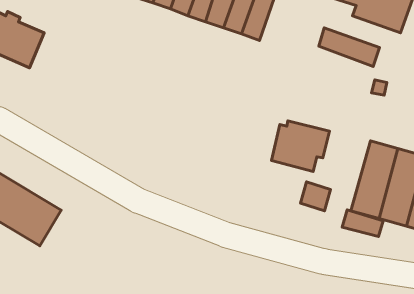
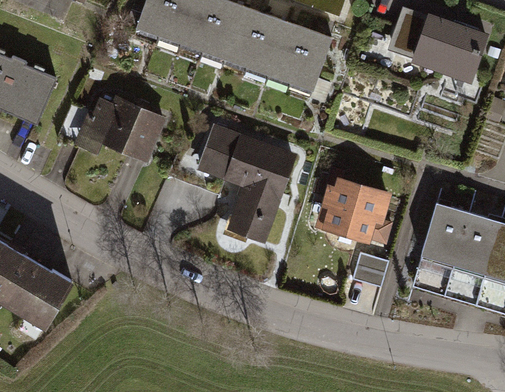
building: [319,28,379,66] -> none
building: none -> [60,97,167,162]
building: none -> [172,109,296,241]
building: [342,210,383,237] -> none

